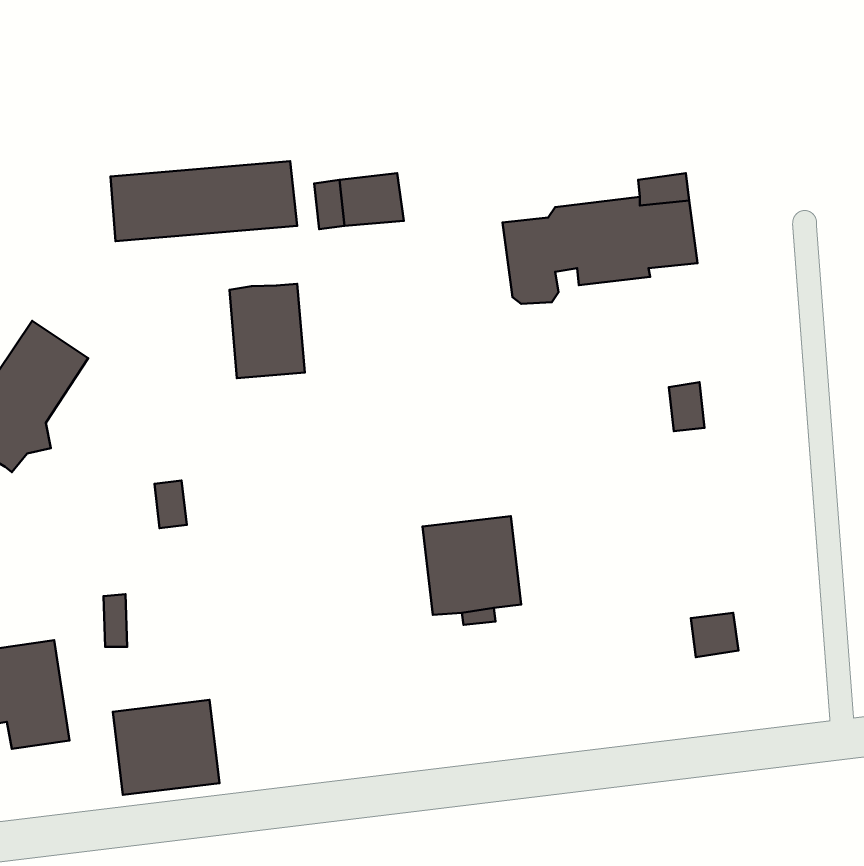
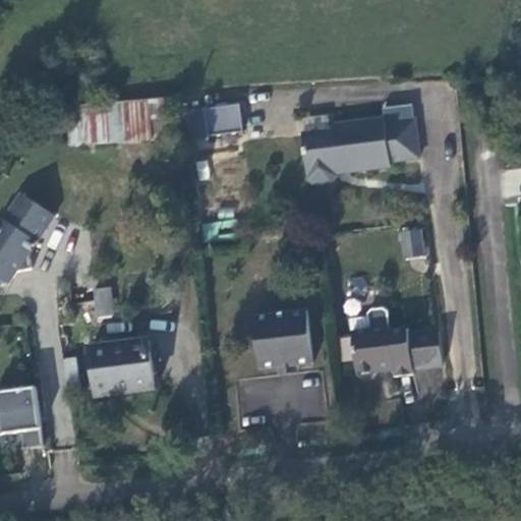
building: [229,284,305,378] -> none
building: none -> [351,307,442,378]
building: [113,700,220,795] -> [90,340,154,397]

